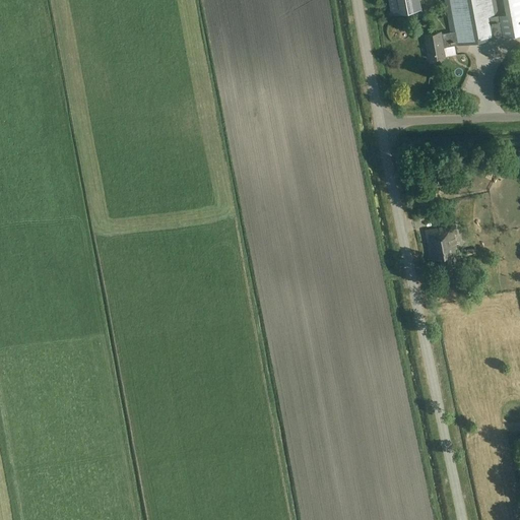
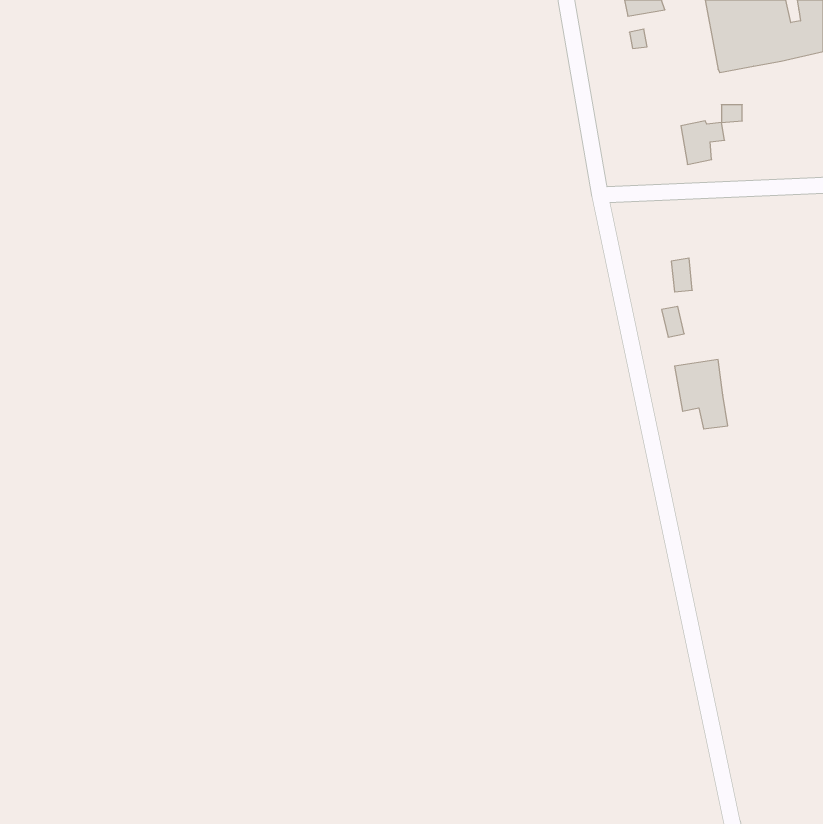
building: [425,31,452,59] -> [681,121,725,164]

